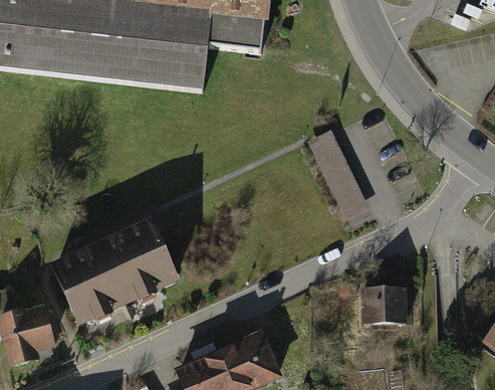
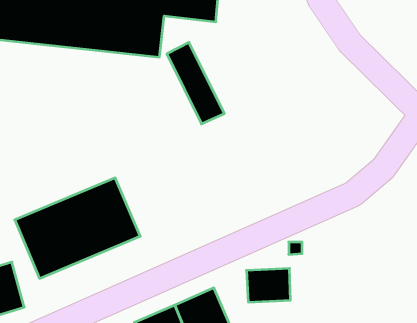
building: [307,131,367,216] -> [167,42,224,124]
building: [363,290,410,326] -> [246,268,290,302]

